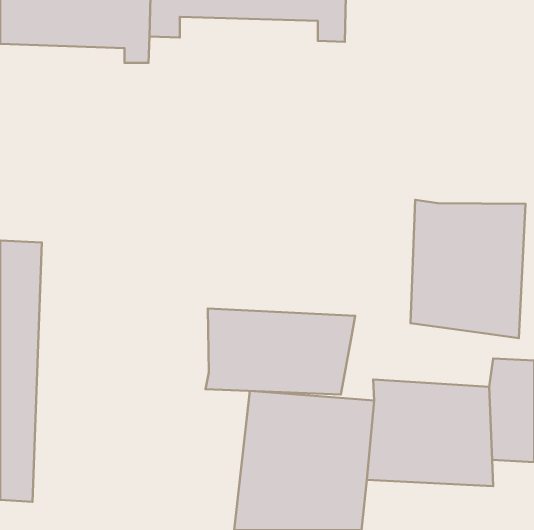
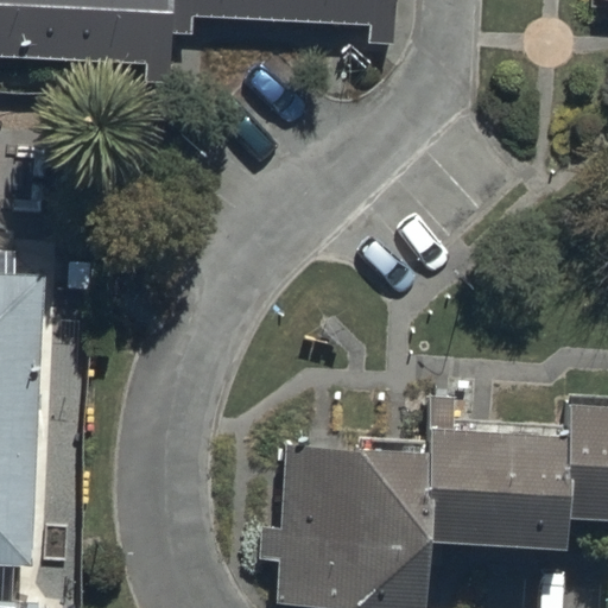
building: [411,200,526,338] -> none
building: [205,308,355,395] -> none

